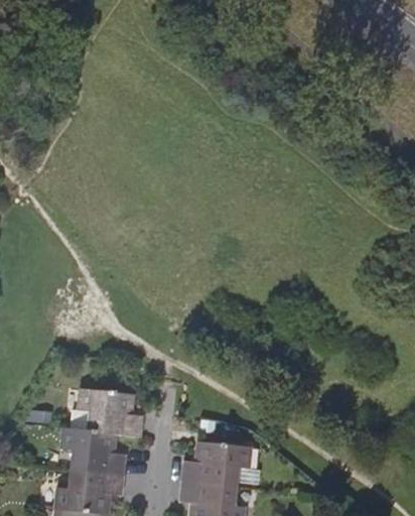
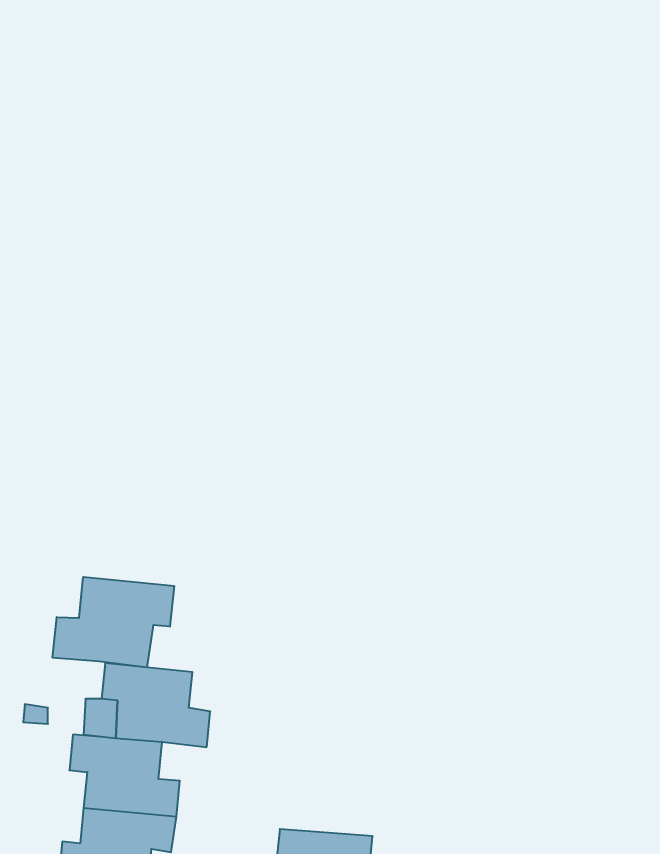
building: none -> [53,577,174,667]
building: [181,442,261,486] -> none

